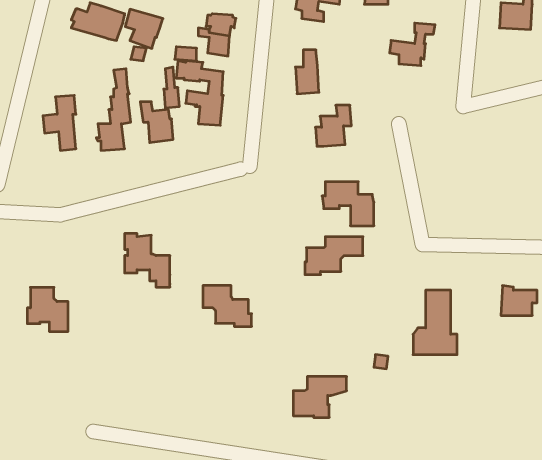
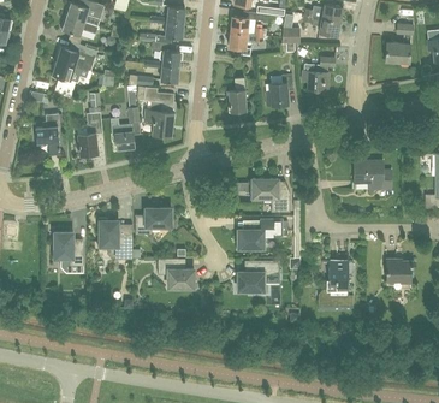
building: [125,9,163,48] -> [53,61,82,91]
building: [315,105,351,146] -> [266,75,293,106]
building: none -> [352,162,391,190]
building: none -> [135,208,172,235]
building: [27,287,68,331] -> [52,232,83,266]
building: [293,377,347,417] -> [237,261,278,292]

